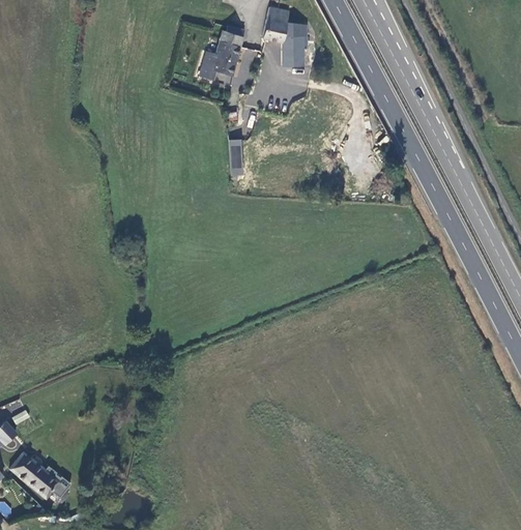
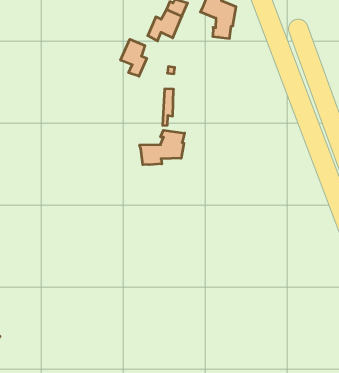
building: none -> [121,39,147,76]
building: none -> [140,130,185,165]

